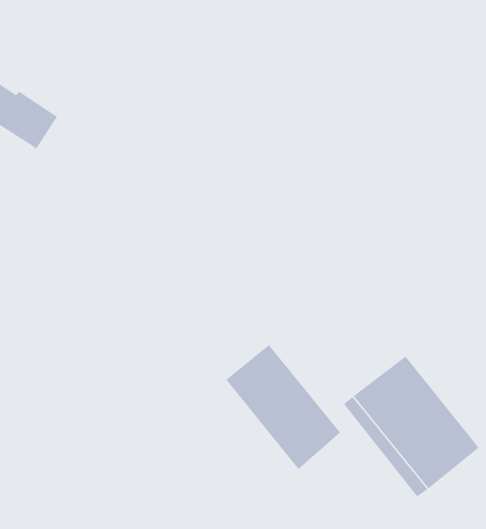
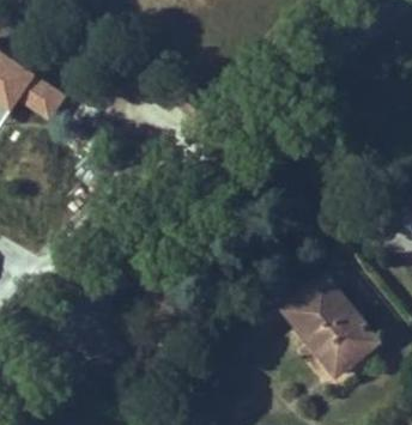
building: [225,344,341,470] -> none

